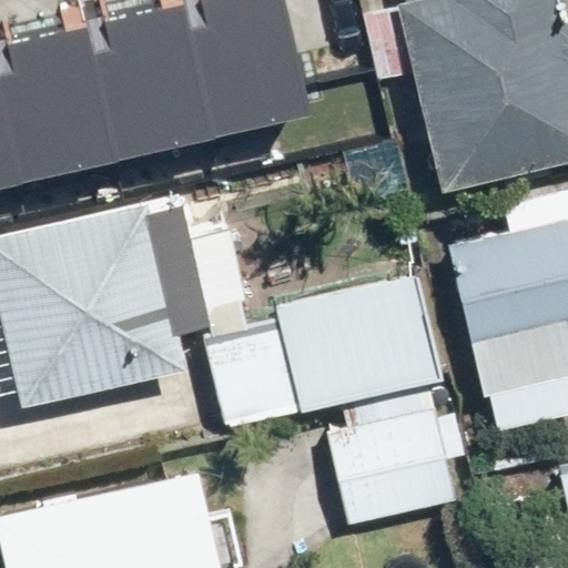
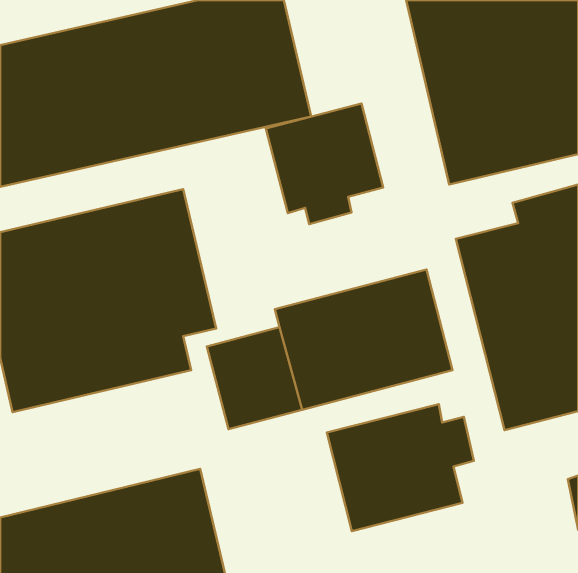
building: none -> [266,103,383,224]

